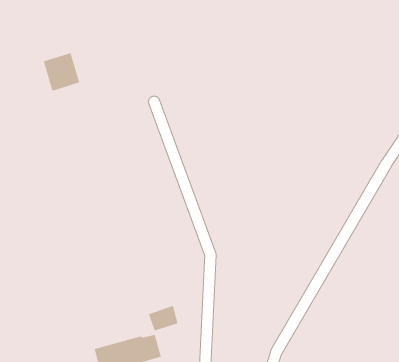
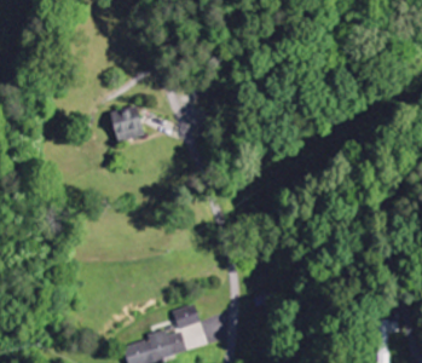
building: [43,52,80,92] -> [108,105,143,143]

